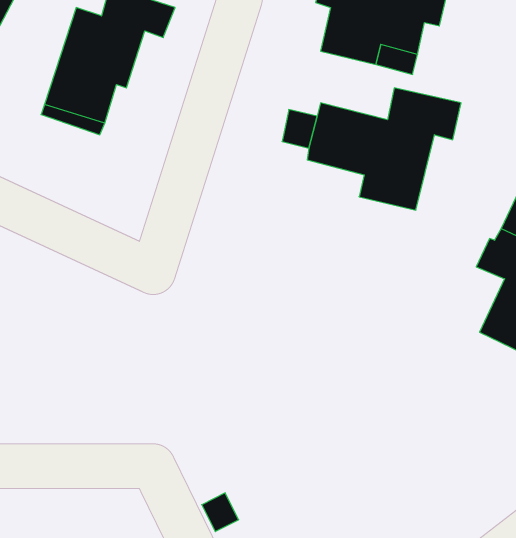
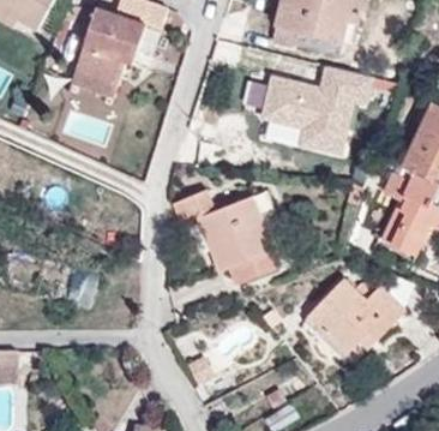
building: none -> [173,190,281,285]
building: none -> [309,280,404,353]

